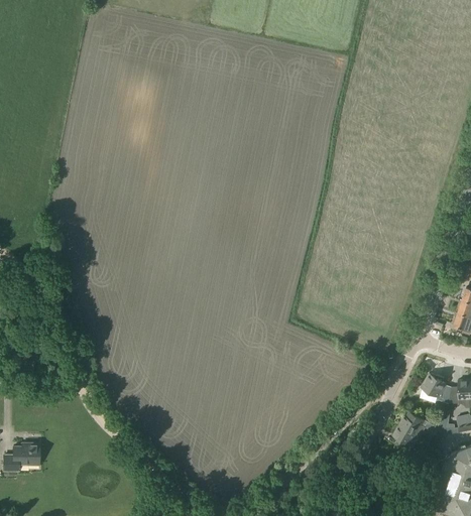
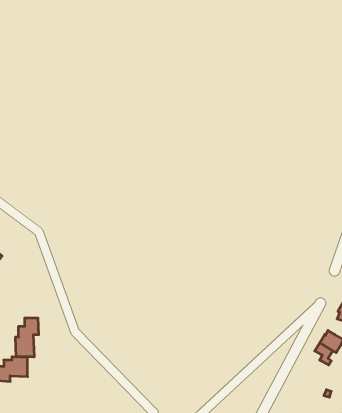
building: none -> [16,318,39,357]

